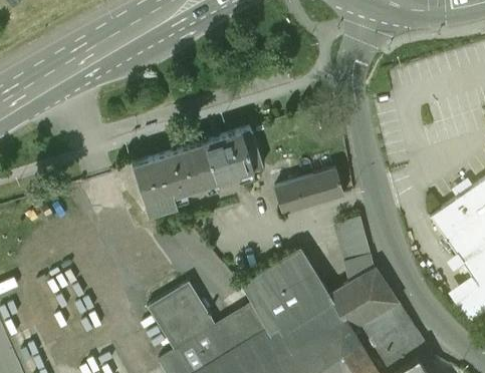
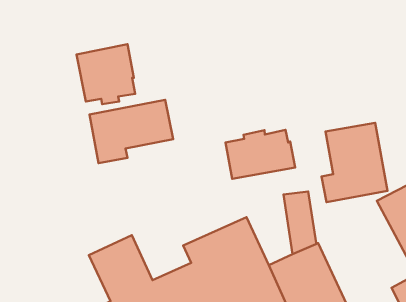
building: none -> [77,44,135,104]
building: [206,129,262,183] -> none
building: none -> [322,123,388,202]

